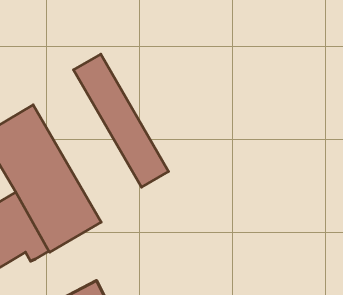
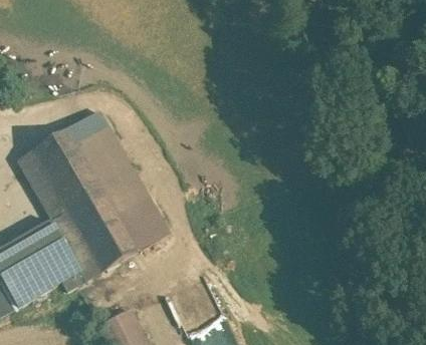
building: [73,54,169,187] -> [70,110,169,248]

